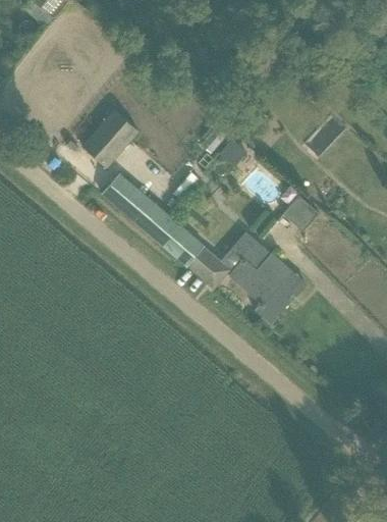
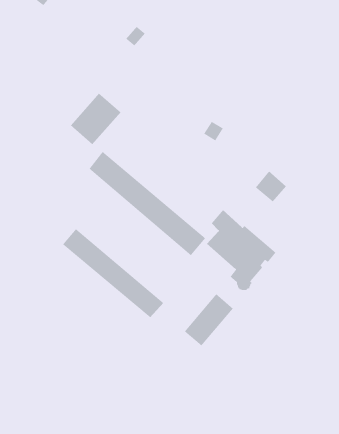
building: none -> [62,228,164,318]
building: none -> [184,293,234,347]

